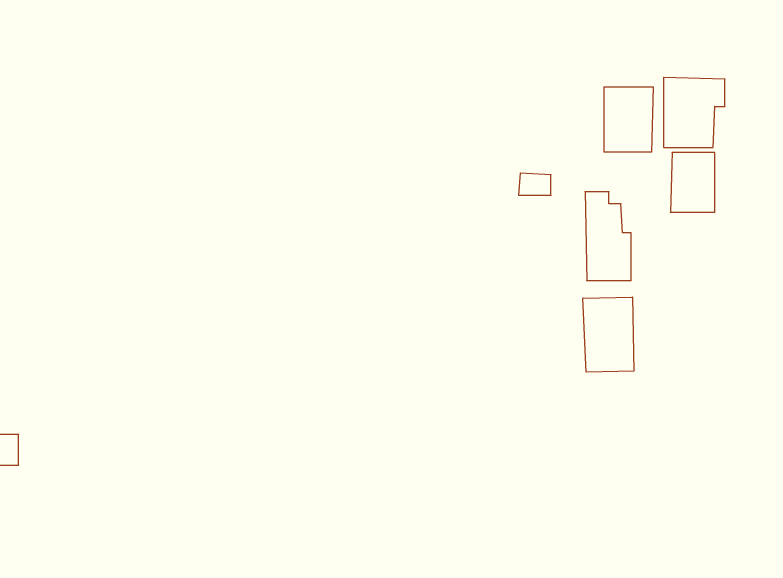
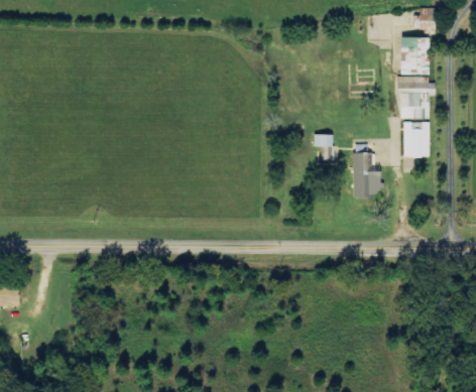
building: [604,87,653,152] -> [400,37,430,76]
building: [583,297,634,372] -> none

